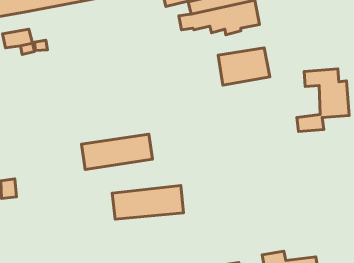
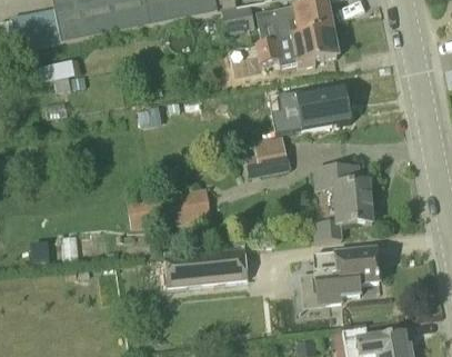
building: [297,69,349,131] -> [310,166,372,240]
building: none -> [245,135,289,176]
building: none -> [313,247,379,306]

